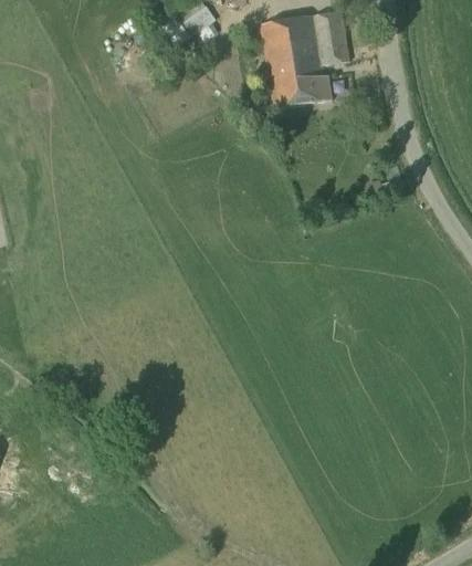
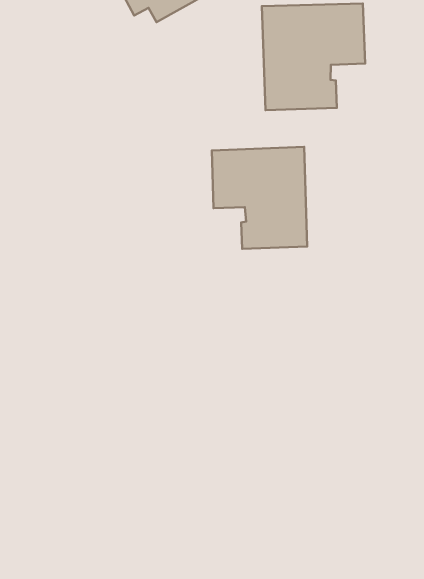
building: none -> [212,147,307,249]

